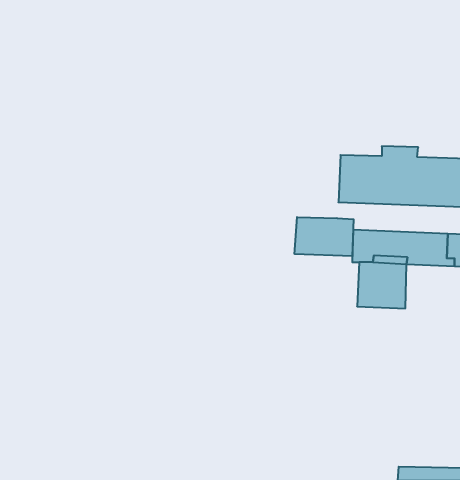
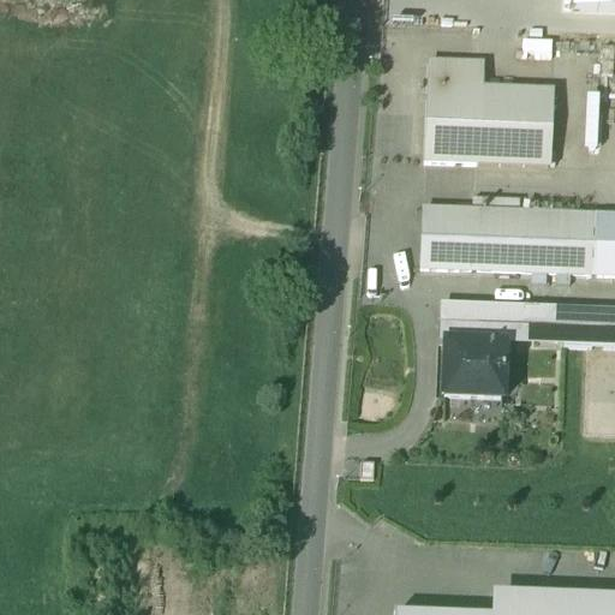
building: none -> [428,59,554,162]
building: [295,217,354,256] -> none

